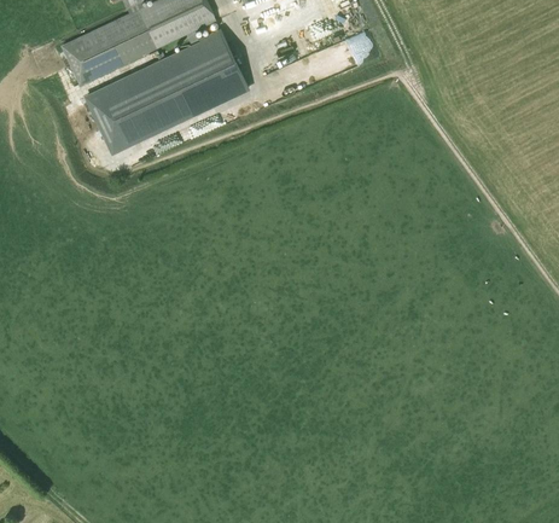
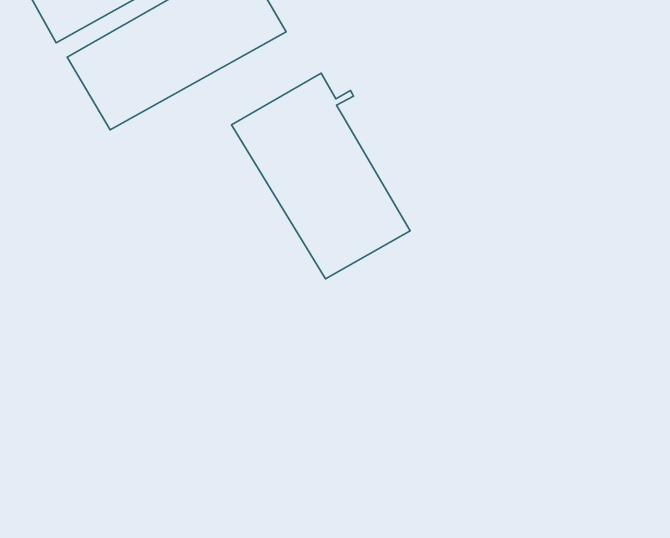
building: none -> [232,73,410,279]

